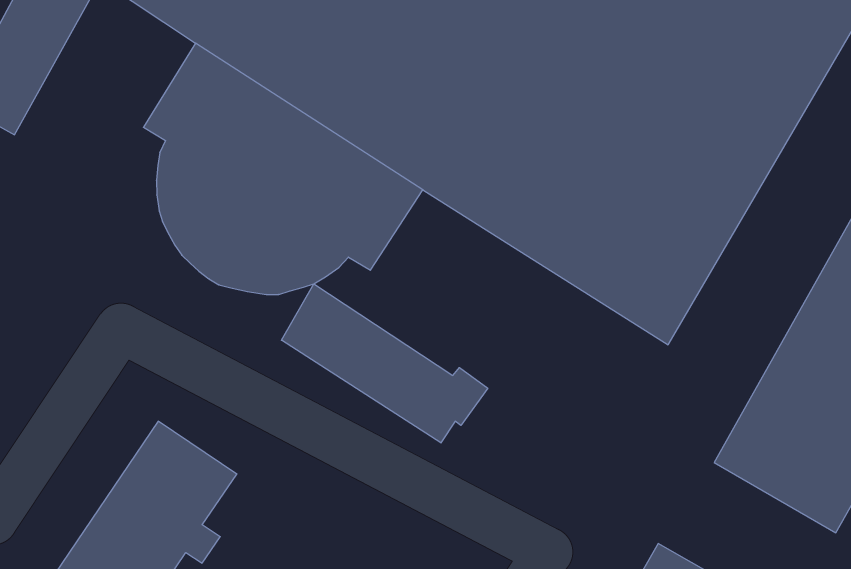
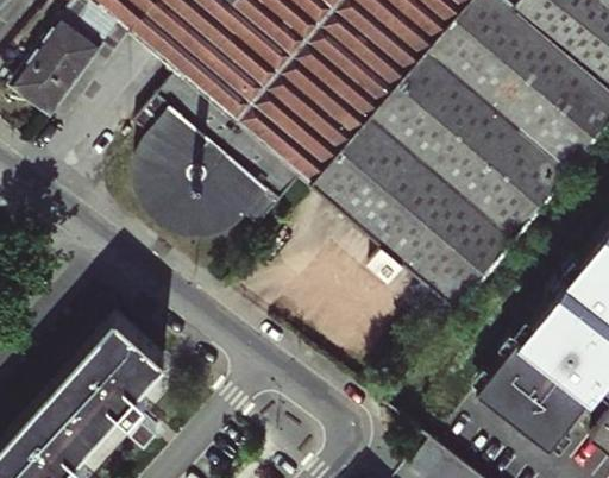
building: [281,284,488,443] -> none

